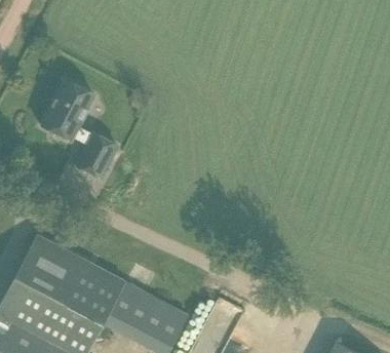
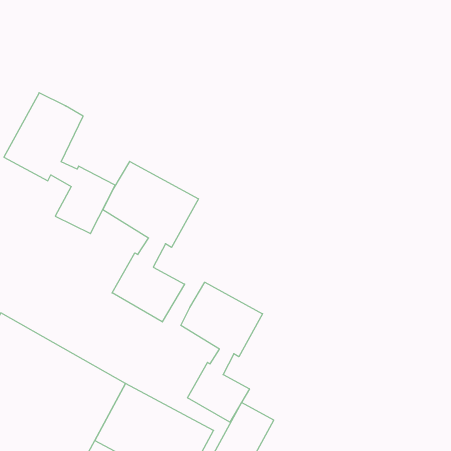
building: none -> [103,161,198,322]
building: none -> [181,282,263,422]

